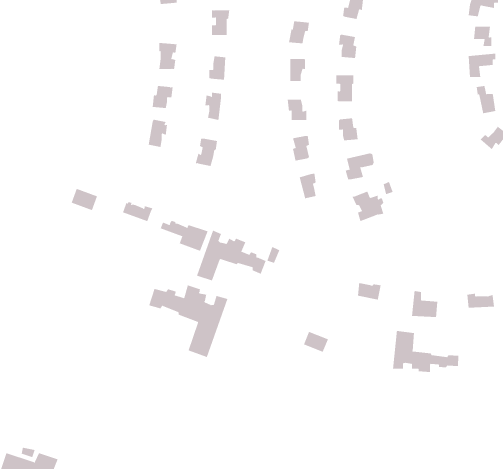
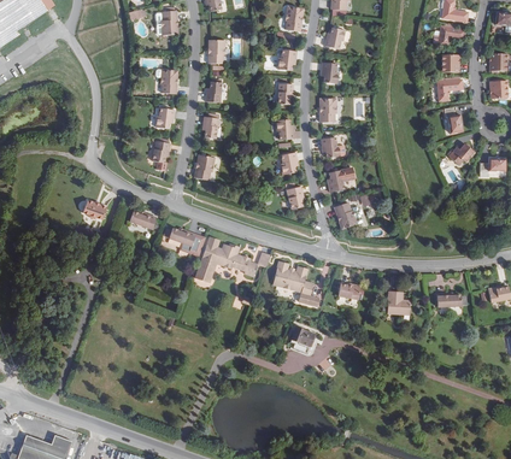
building: none -> [271,260,318,306]
building: [148,285,228,358] -> none
building: [392,330,459,373] -> none

